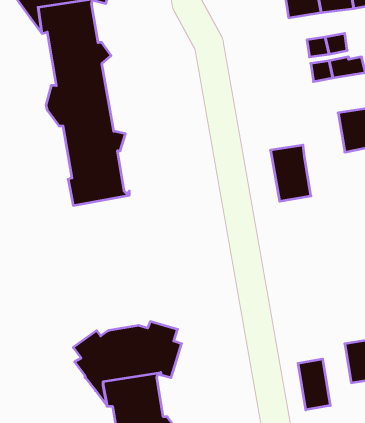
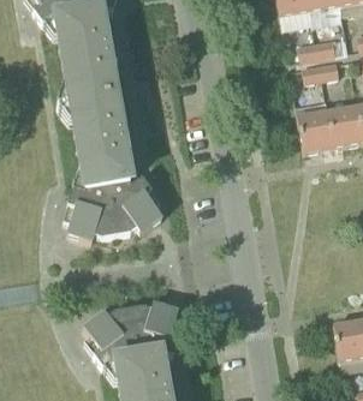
building: [270,145,311,201] -> [297,101,334,152]
building: none -> [65,173,163,243]
building: [298,359,330,410] -> none

